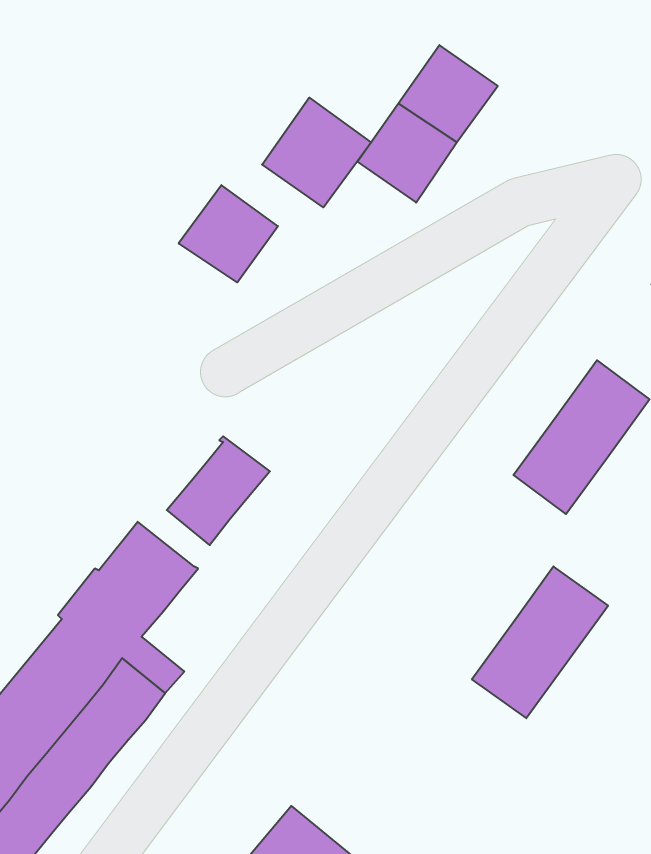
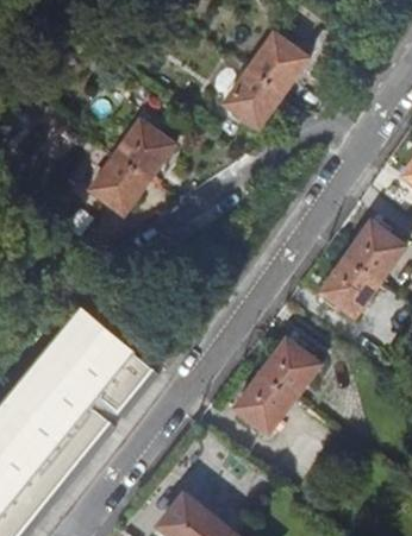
building: [262,98,371,207] -> none
building: none -> [90,151,149,209]
building: [167,436,270,545] -> [90,346,154,412]
building: [472,566,608,718] -> [235,340,318,433]

